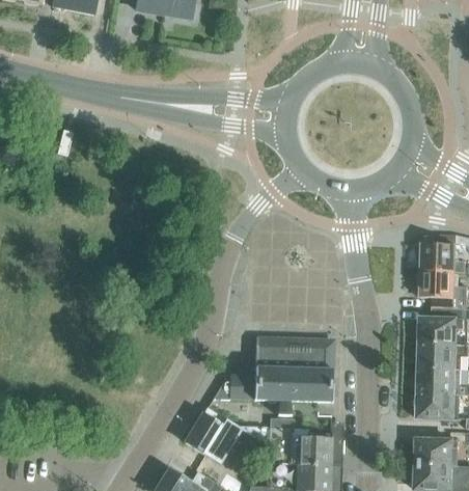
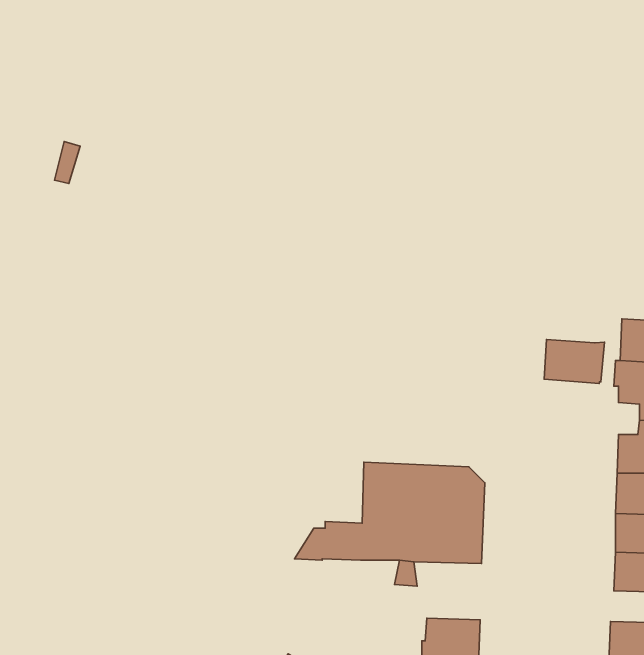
building: none -> [544,339,604,383]
building: [187,408,241,455] -> none

